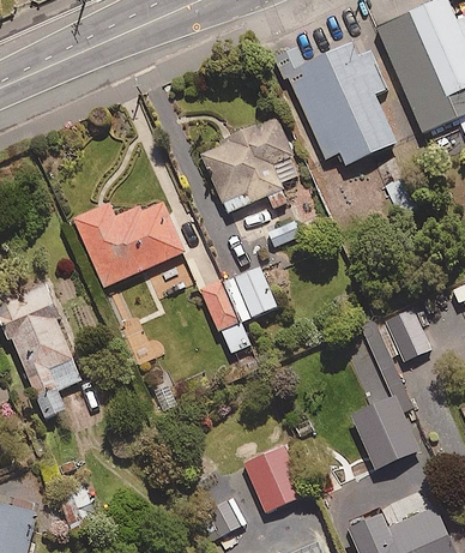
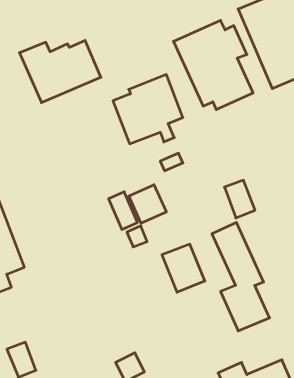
building: [73,202,185,287] -> [19,40,101,103]
building: [387,309,429,361] -> [224,180,255,218]
building: [243,446,302,512] -> [162,244,205,292]

